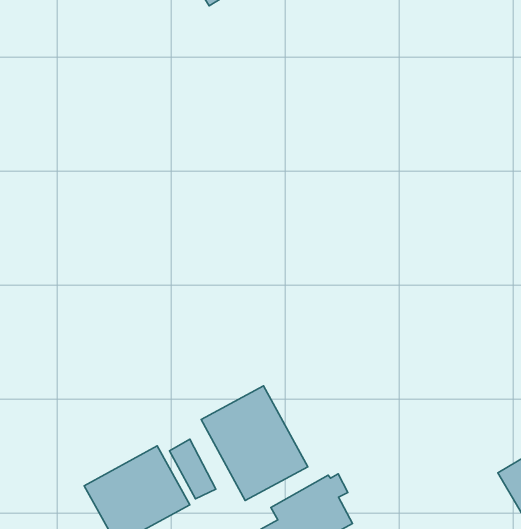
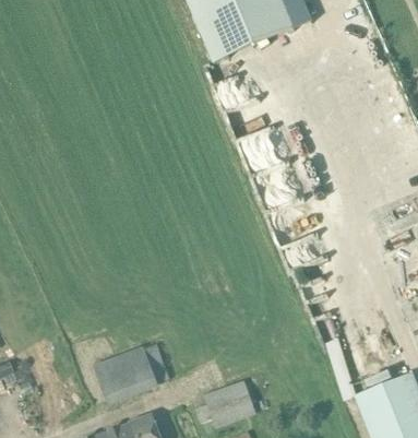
building: [201,386,308,500] -> none

